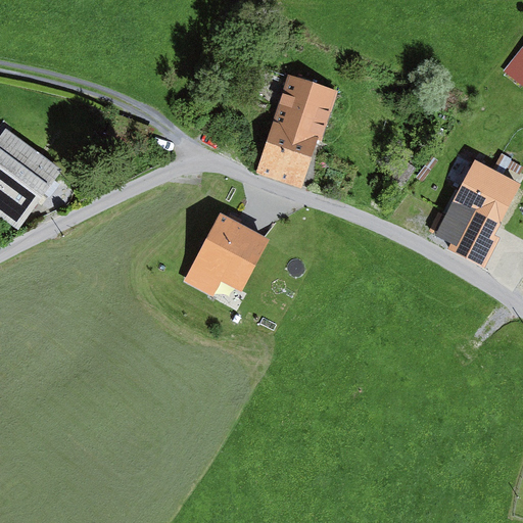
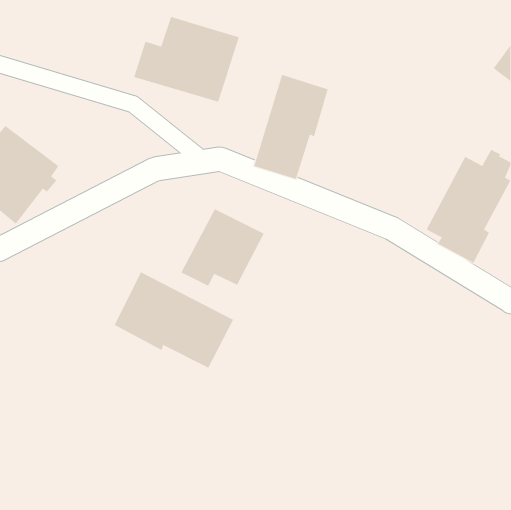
building: none -> [133,16,239,103]
building: none -> [114,271,234,368]

